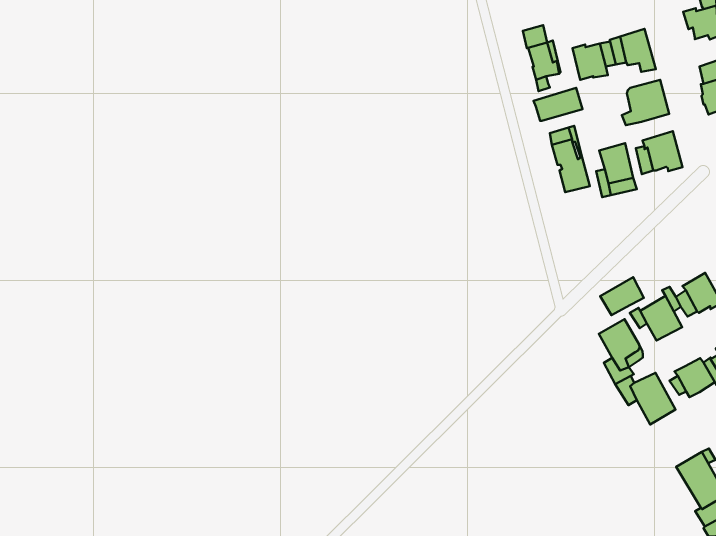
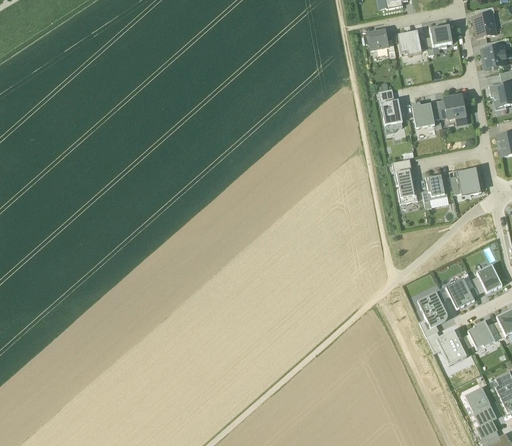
building: [622,80,669,125] -> none
building: [534,88,583,121] -> none
building: [600,277,644,315] -> none

